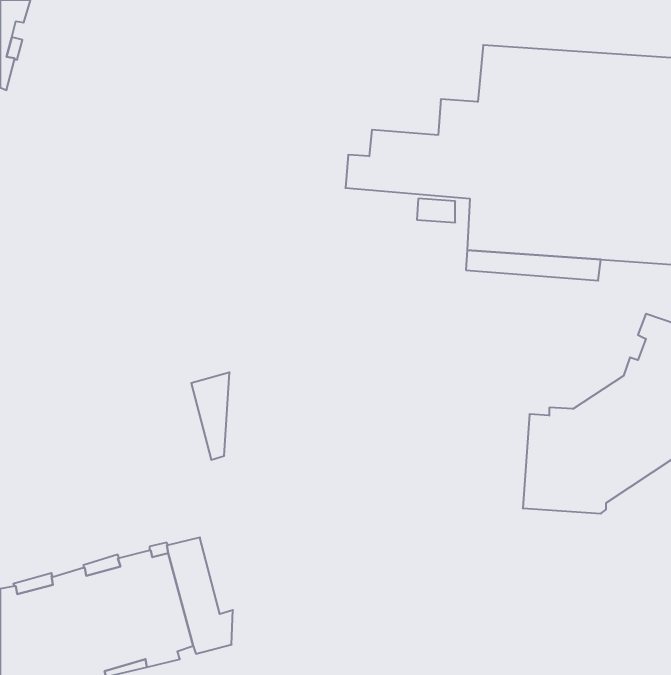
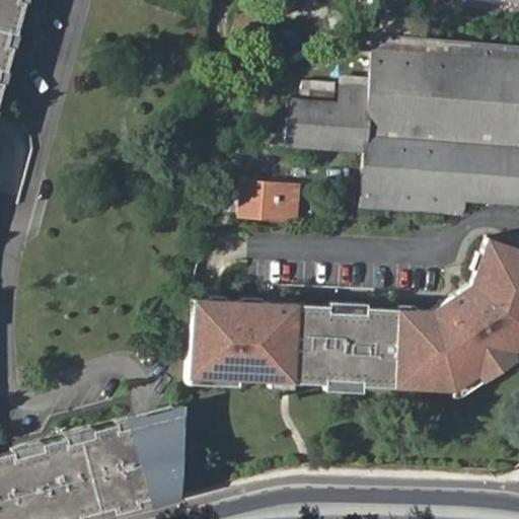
building: none -> [245,182,292,219]
building: [191,372,230,460] -> [157,404,187,471]
building: none -> [189,298,410,390]

